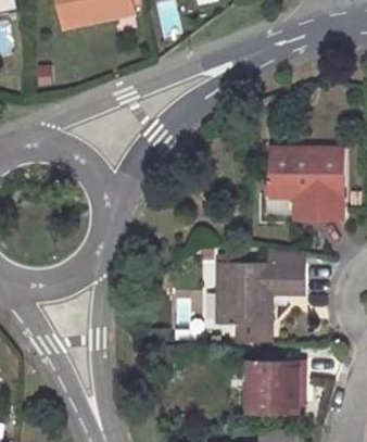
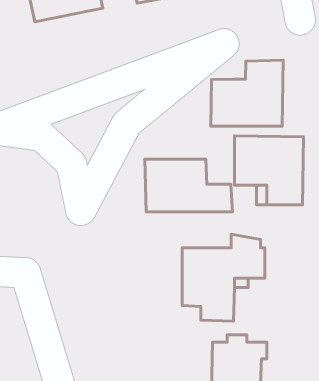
building: none -> [211,60,283,126]
building: none -> [145,159,232,212]

